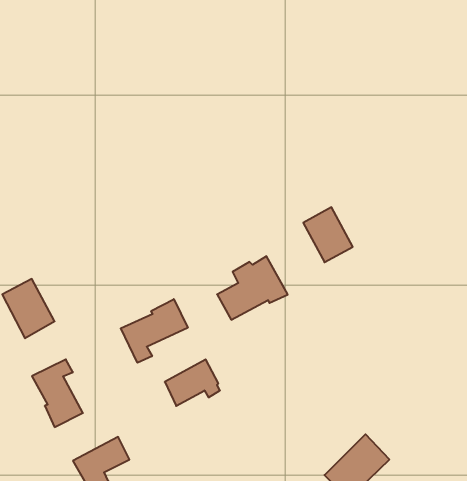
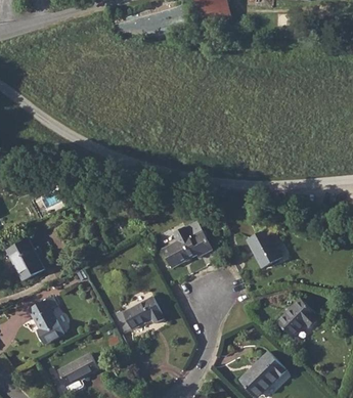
building: [303,207,353,262] -> [247,227,282,267]
building: [121,299,188,363] -> none
building: none -> [276,298,319,337]

